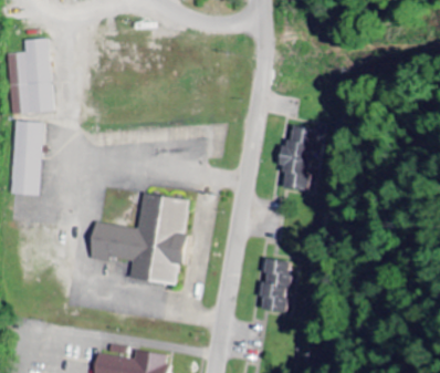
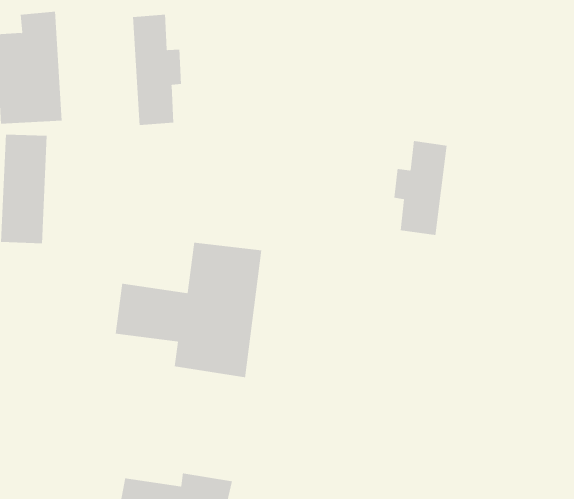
building: none -> [133,14,182,126]
building: [260,258,295,313] -> none

